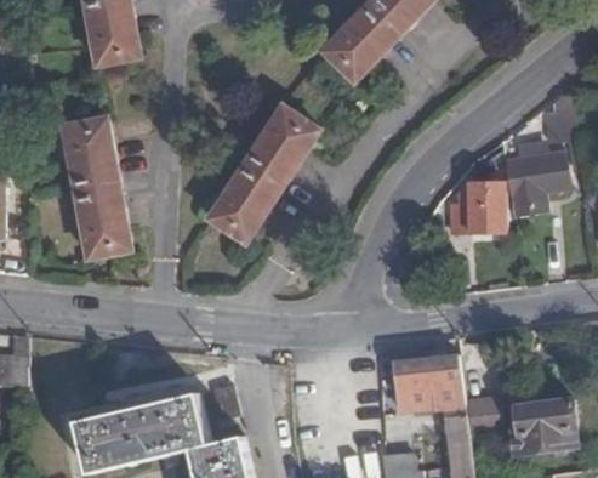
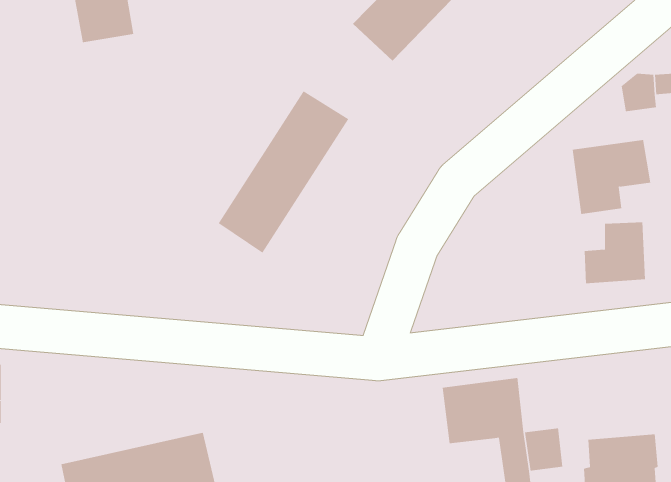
building: [62,119,130,260] -> none
building: [454,181,506,233] -> [584,222,646,284]

